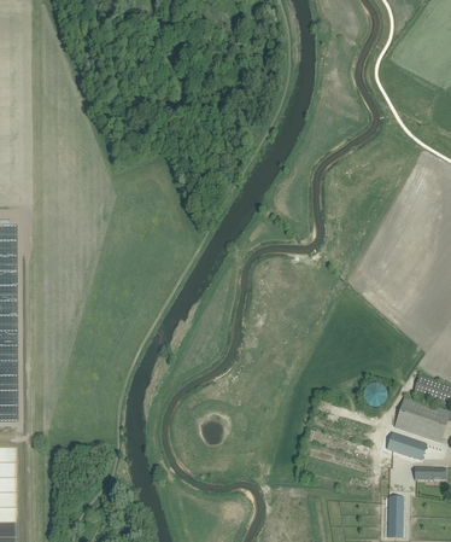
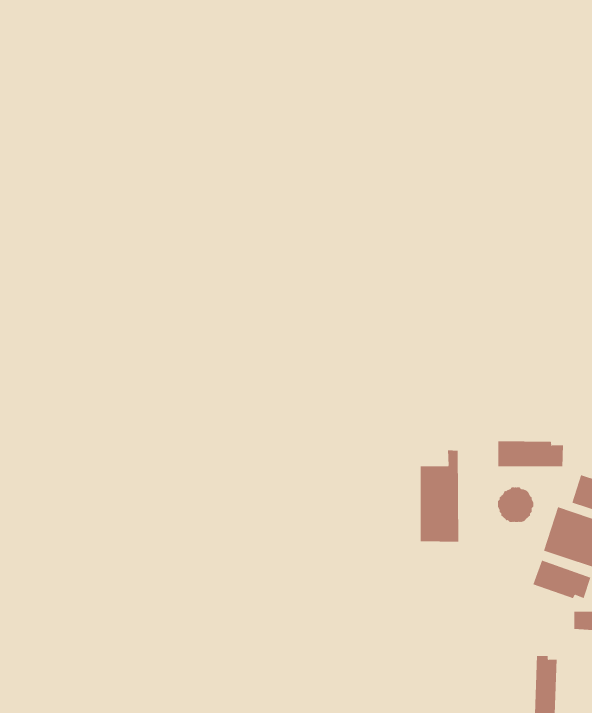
building: none -> [498,441,564,467]
building: none -> [420,450,459,542]

